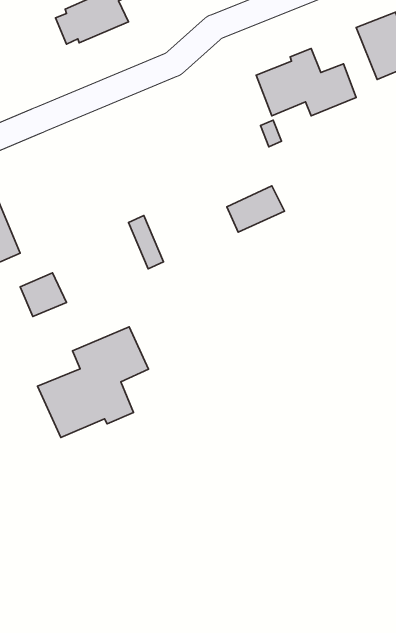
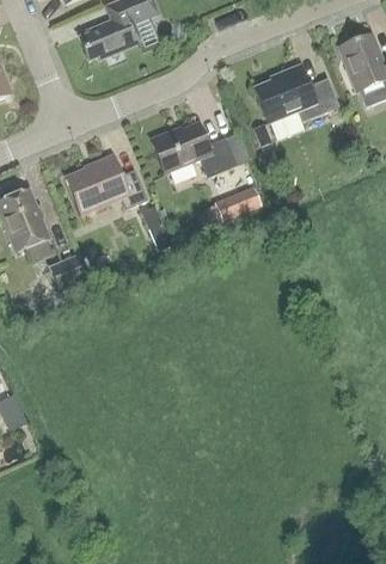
building: none -> [152,121,238,176]
building: none -> [67,153,149,213]
building: [38,327,148,438] -> none

